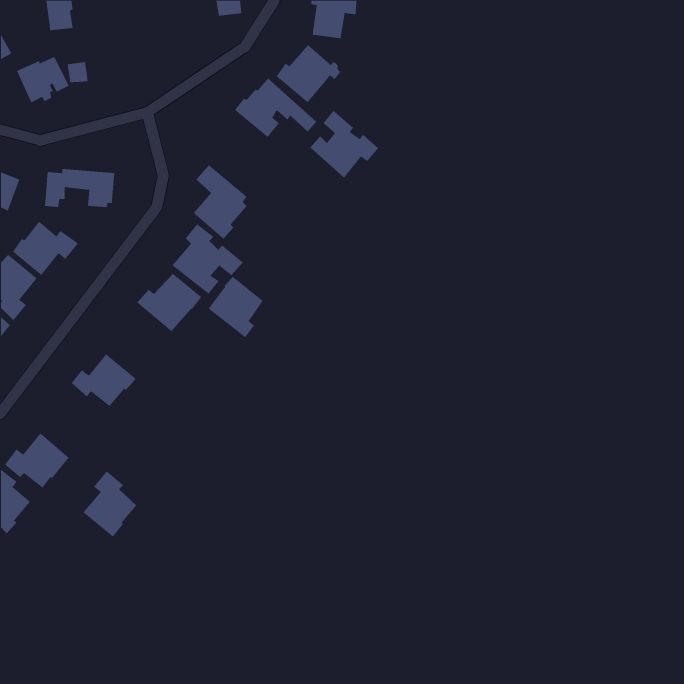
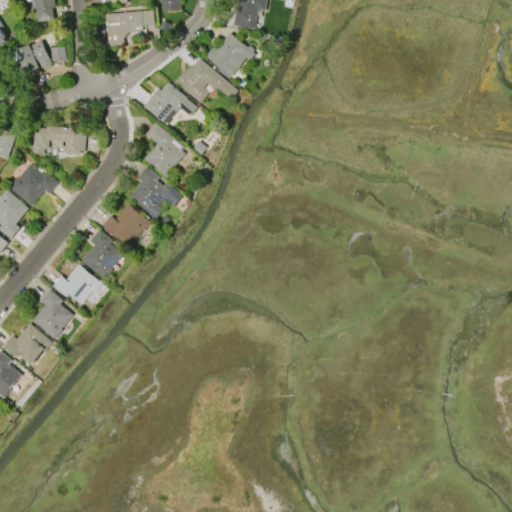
building: none -> [105,11,154,47]
building: none -> [144,82,199,124]
building: [310,110,379,179] -> none
building: [208,276,263,338] -> none
building: none -> [81,230,122,280]
building: [82,471,137,537] -> [32,289,73,339]

